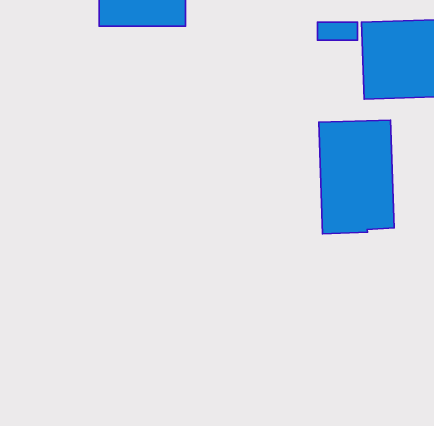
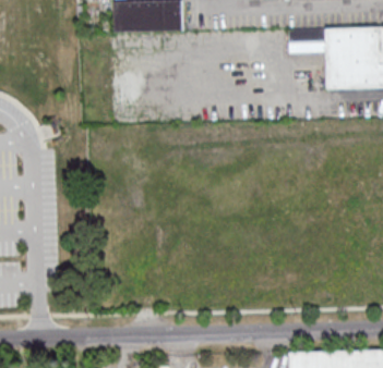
building: [319,120,394,234] -> none

